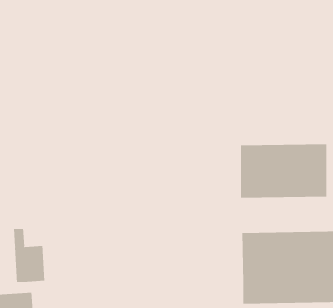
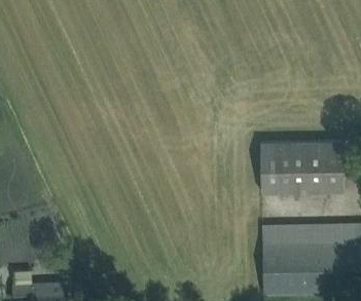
building: [13,228,45,283] -> none

